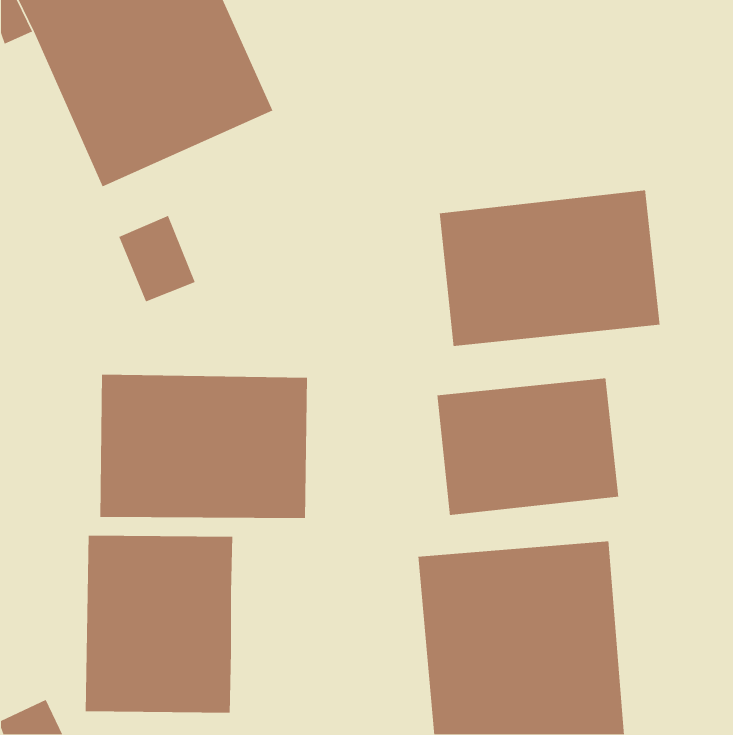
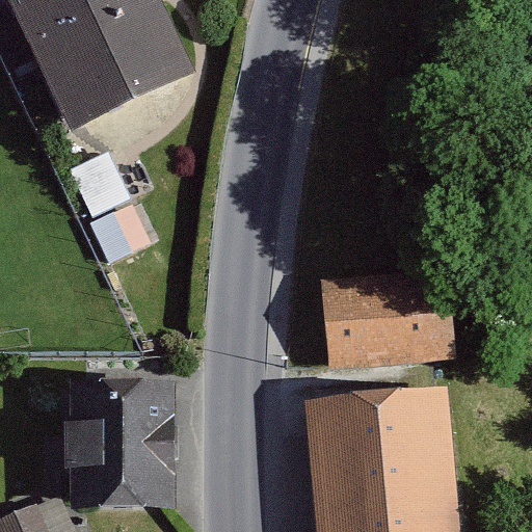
building: [439,189,660,347] -> none
building: [99,374,308,519] -> none

